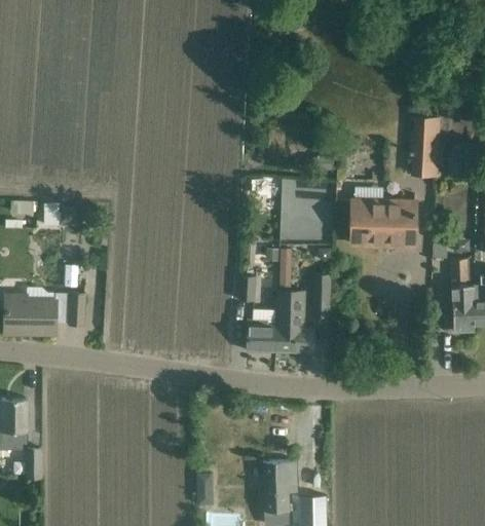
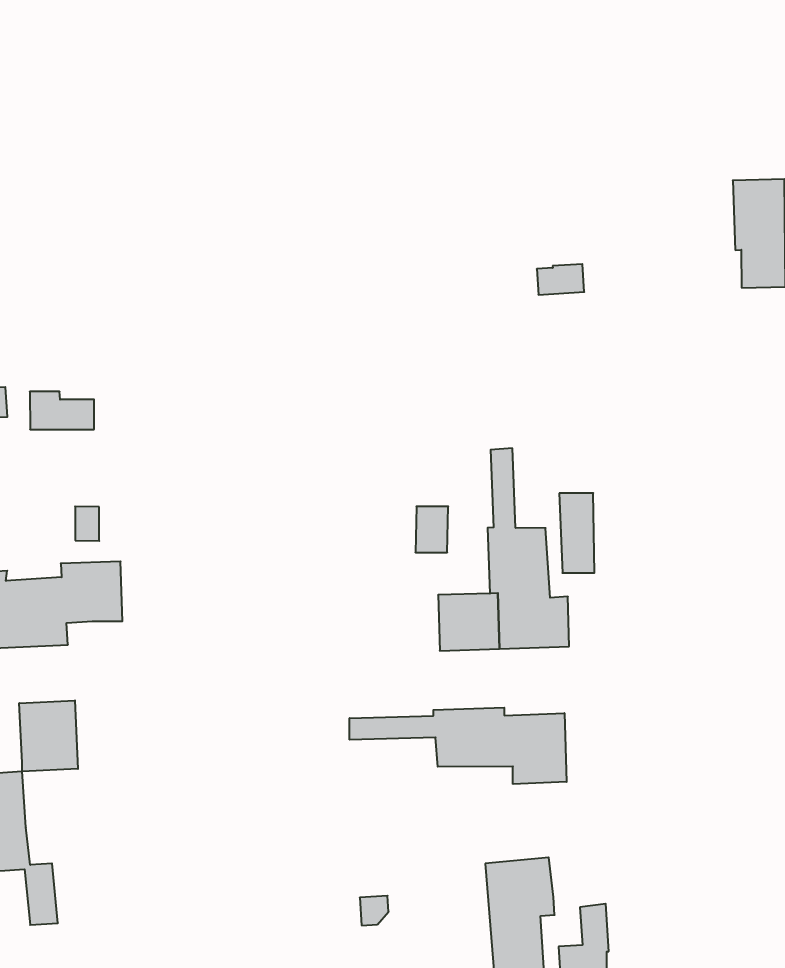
building: [278,183,329,237] -> none
building: [351,200,416,246] -> none
building: none -> [19,700,78,772]
building: none -> [350,708,567,784]

